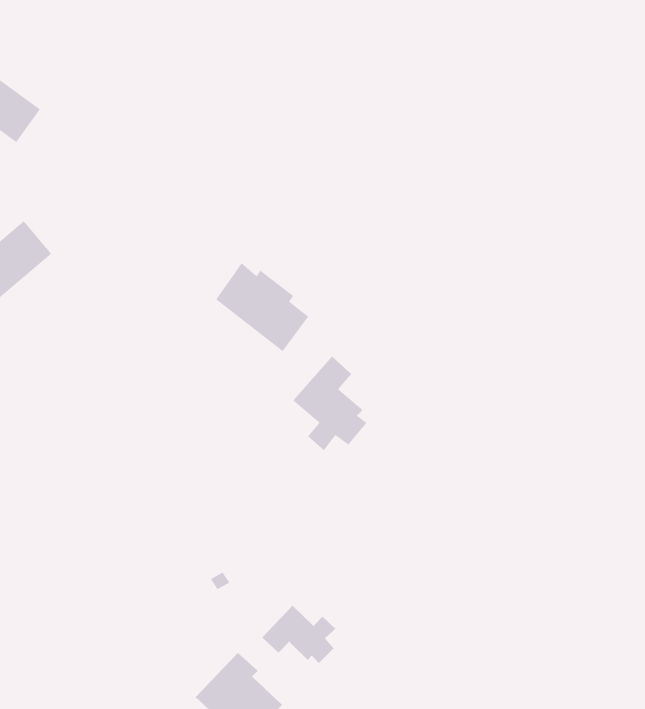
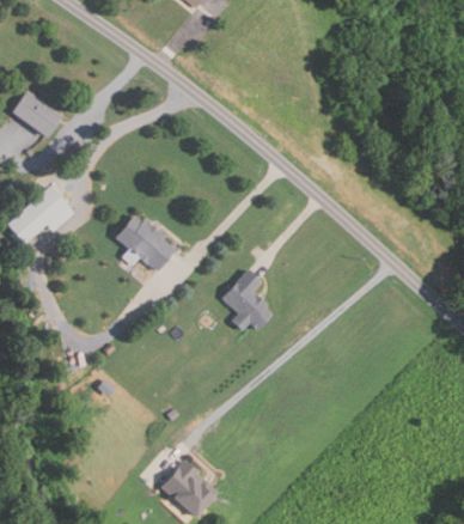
building: [215,262,309,352] -> [114,214,173,272]
building: [261,605,336,664] -> none

